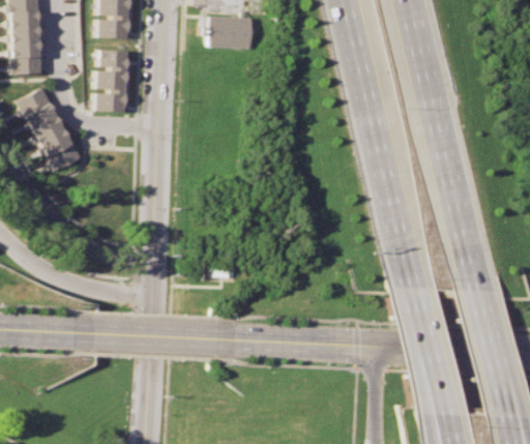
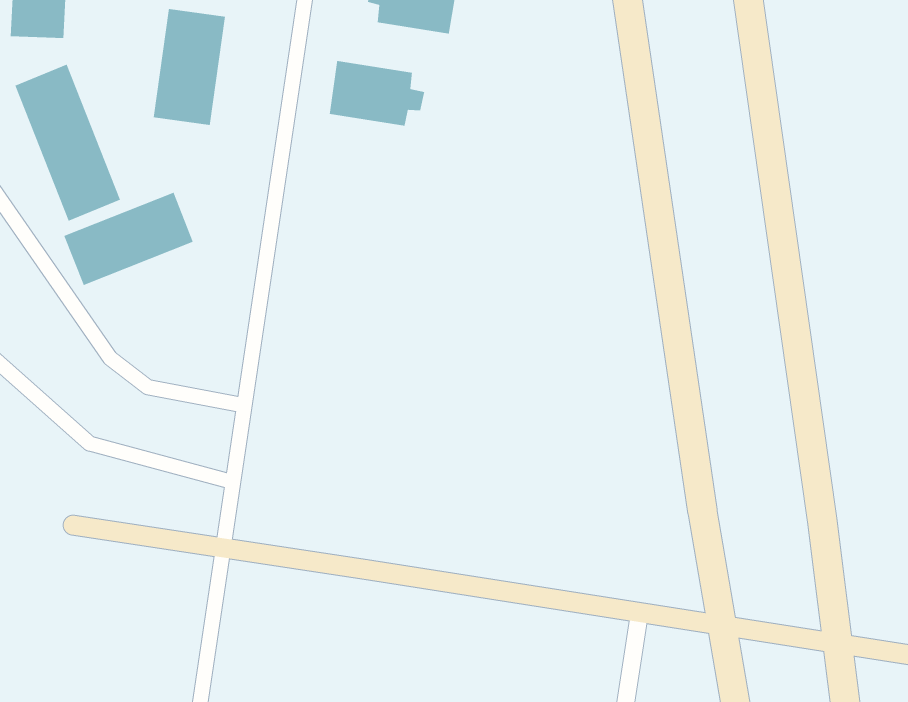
building: none -> [329,60,425,126]
building: none -> [63,192,194,286]

